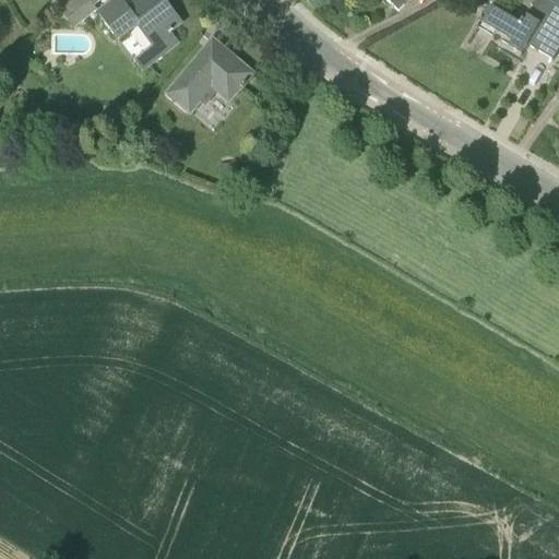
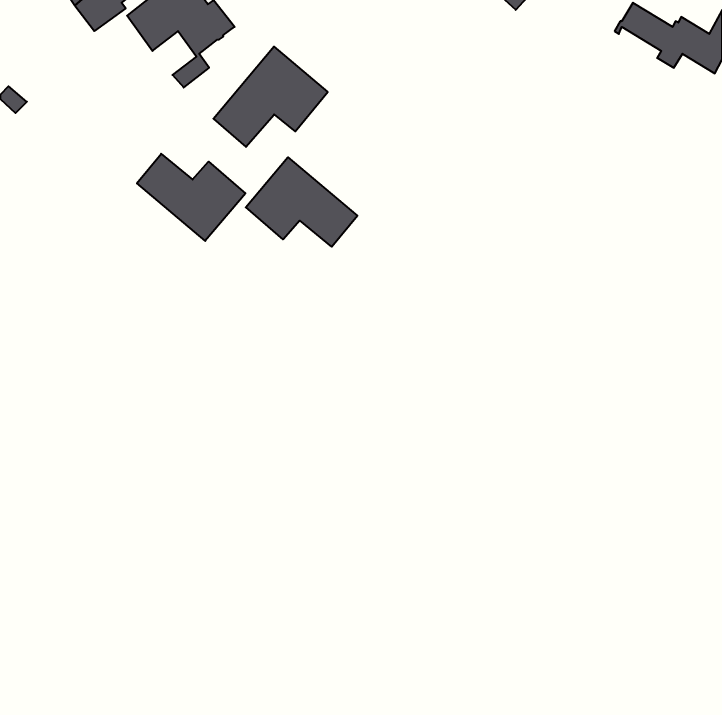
building: none -> [137,154,245,241]
building: none -> [246,157,357,247]

